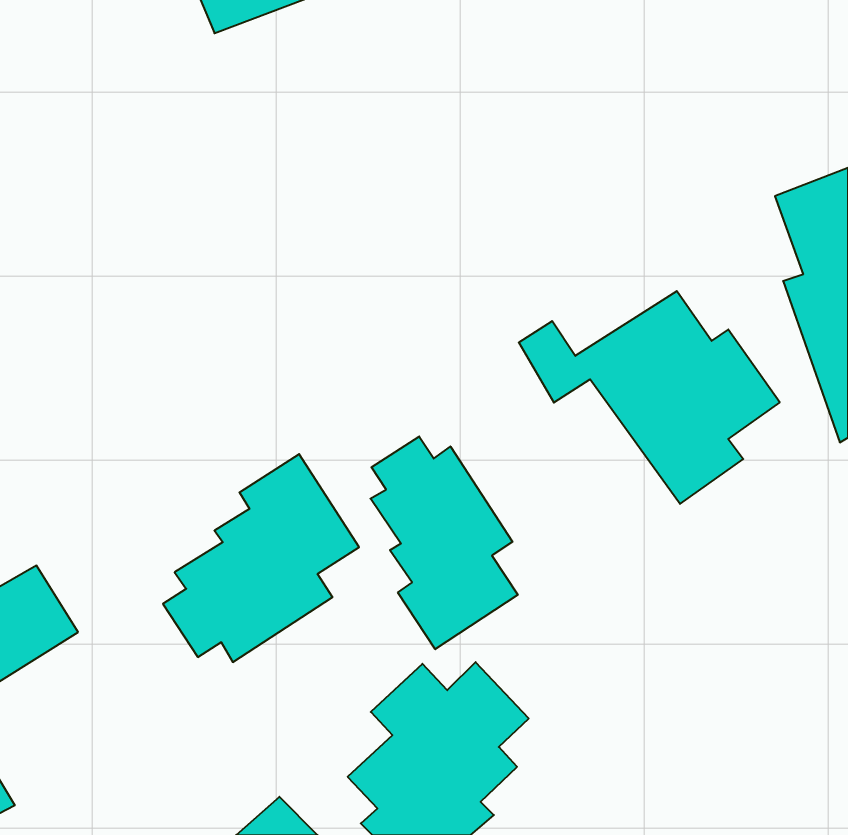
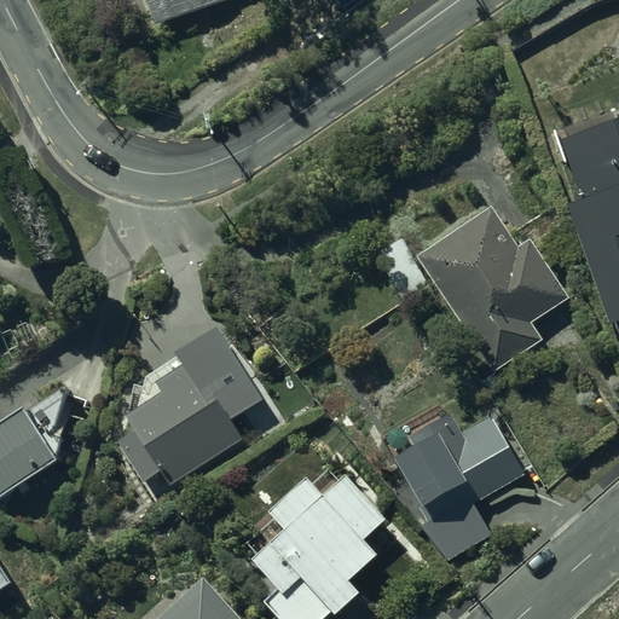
building: [370,436,518,649] -> none
building: none -> [398,413,523,553]

